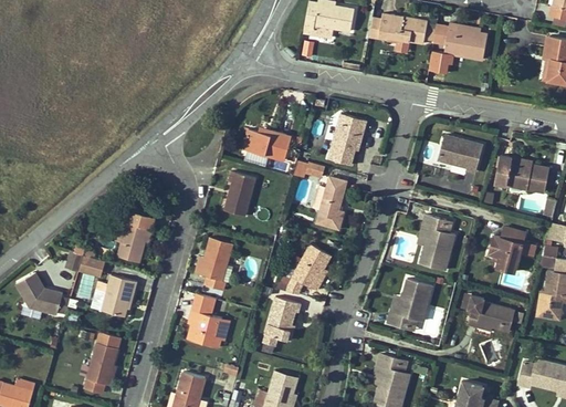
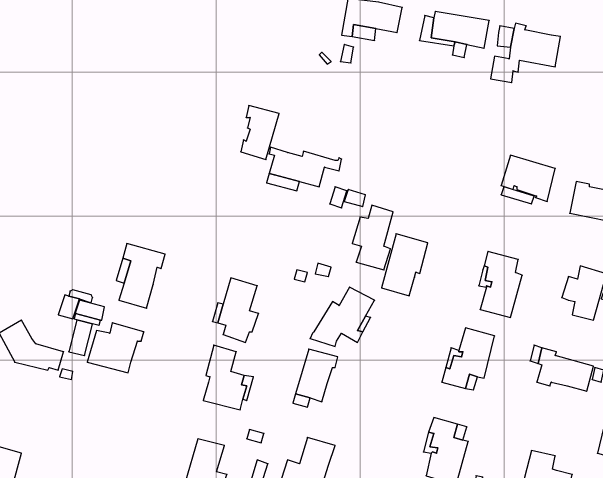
building: [327,113,366,165] -> [382,234,428,296]
building: [223,171,255,217] -> [241,106,279,160]
building: [84,343,117,393] -> none

